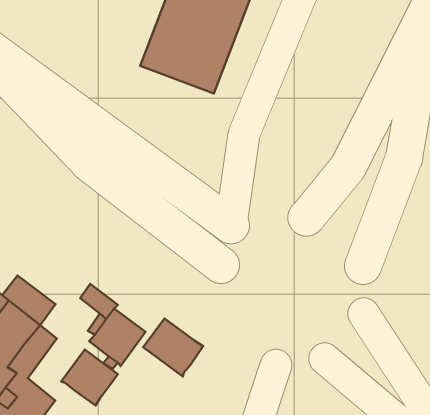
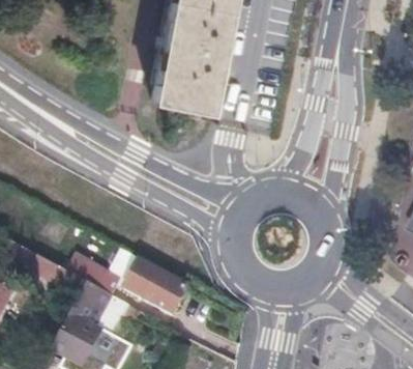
building: [143,318,203,376] -> none
building: [61,349,118,405] -> none

